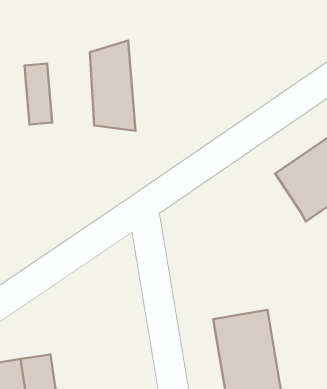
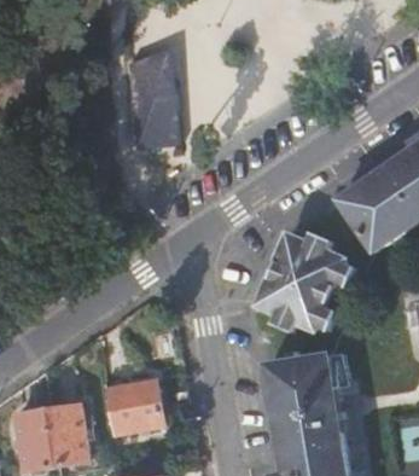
building: [25,63,52,124] -> none
building: none -> [257,232,355,335]
building: none -> [106,379,164,434]

